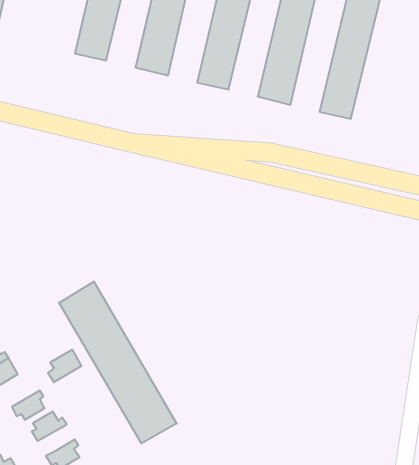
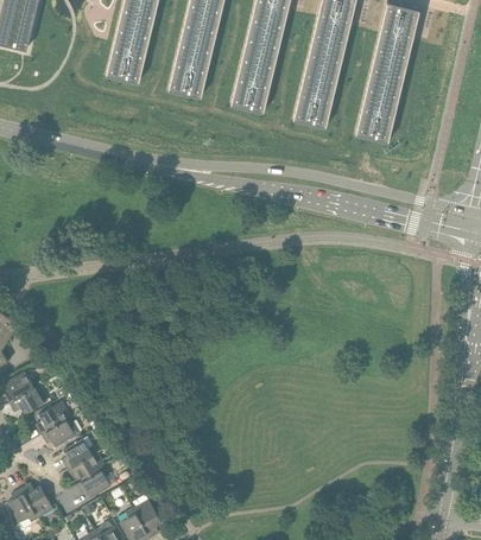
building: [59,282,177,443] -> none
building: [48,350,82,382] -> [36,401,70,434]
building: none -> [68,452,106,481]

